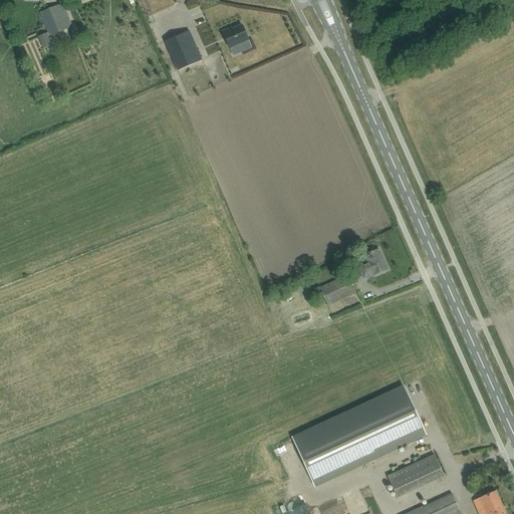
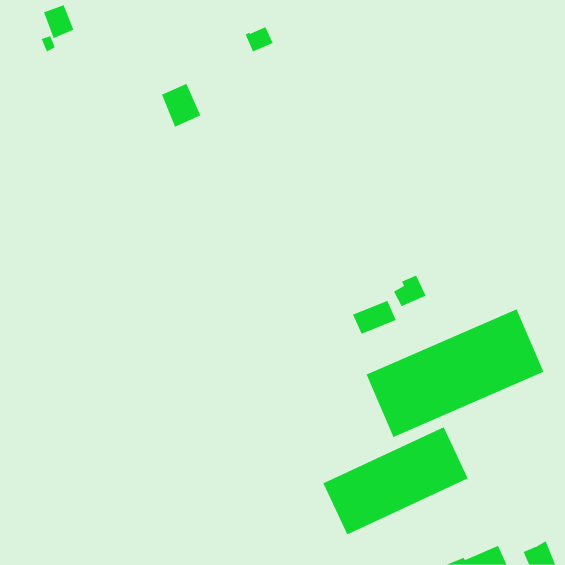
building: [165,30,201,70] -> [161,83,201,128]
building: none -> [366,308,544,438]
building: [387,453,444,497] -> none

